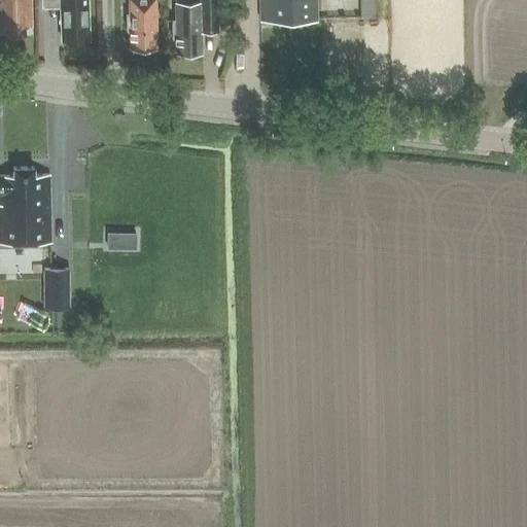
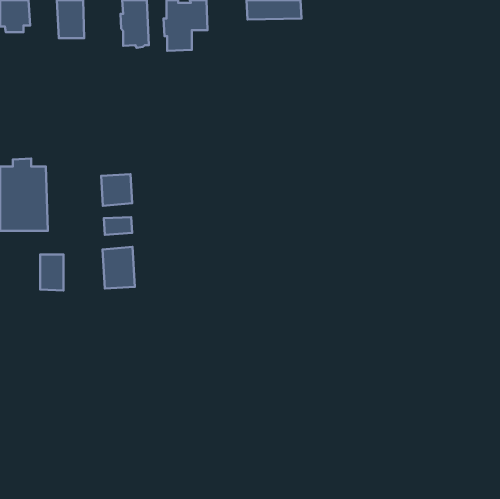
building: none -> [101,174,132,206]
building: none -> [102,247,135,289]

